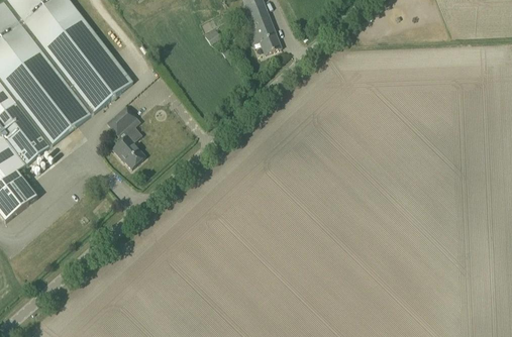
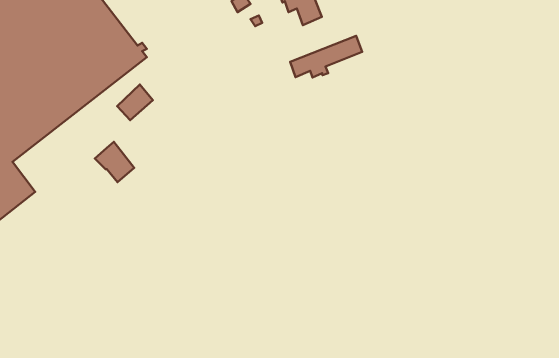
building: none -> [290,36,362,77]
building: [111,132,144,166] -> [95,142,134,182]

